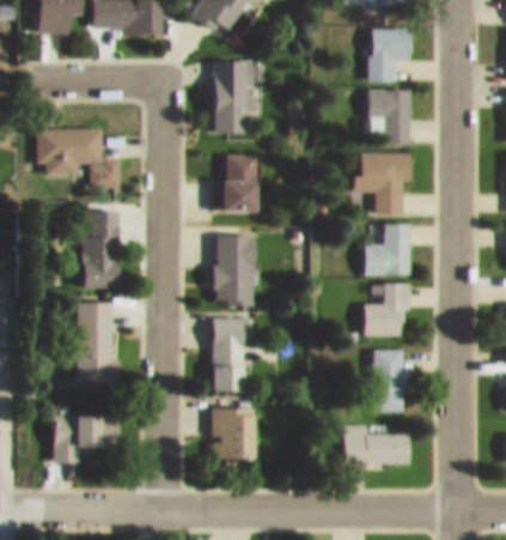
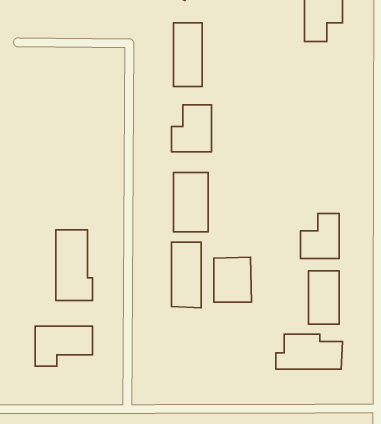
building: [367,89,409,142] -> none
building: [36,128,118,188] -> none
building: [353,152,410,214] -> none
building: [83,211,120,289] -> none
building: [364,224,409,275] -> none
building: [212,406,256,459] -> [214,257,252,302]

